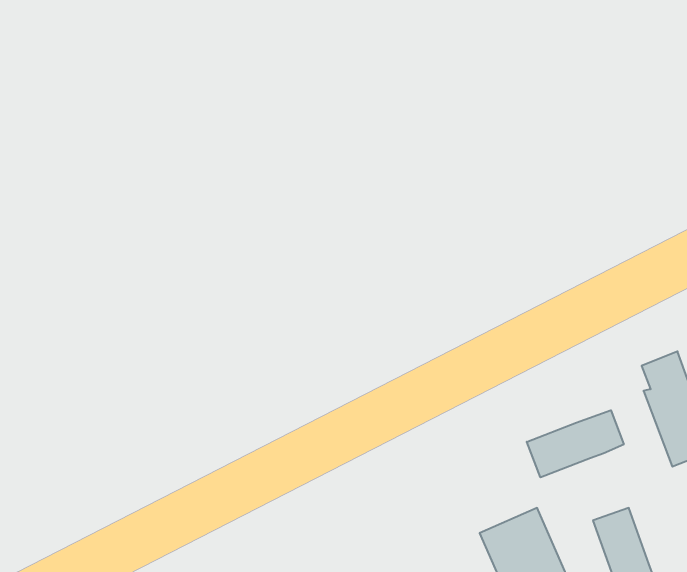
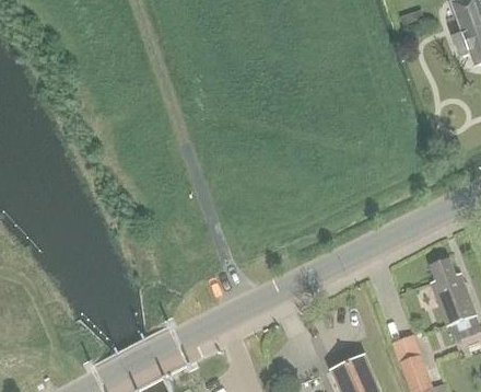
building: [527,410,624,477] -> none

